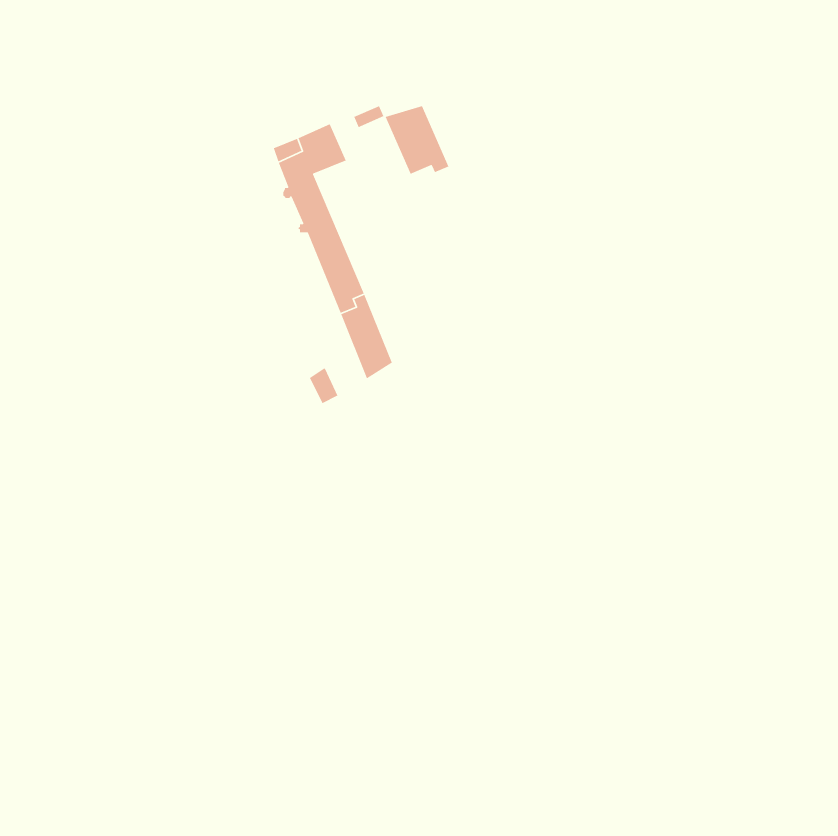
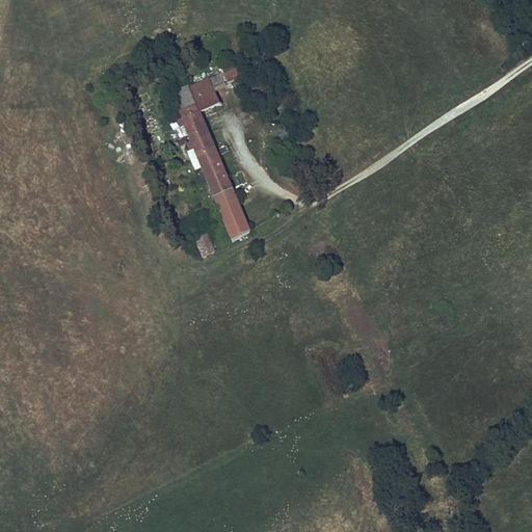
building: [384,105,449,175] -> none

